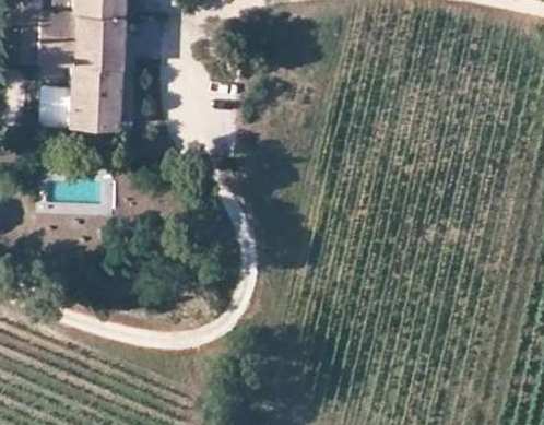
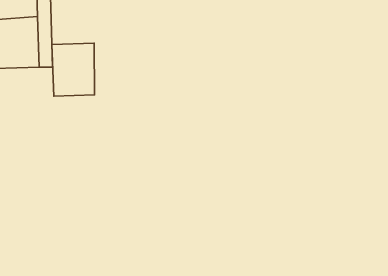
building: none -> [52,43,95,96]

